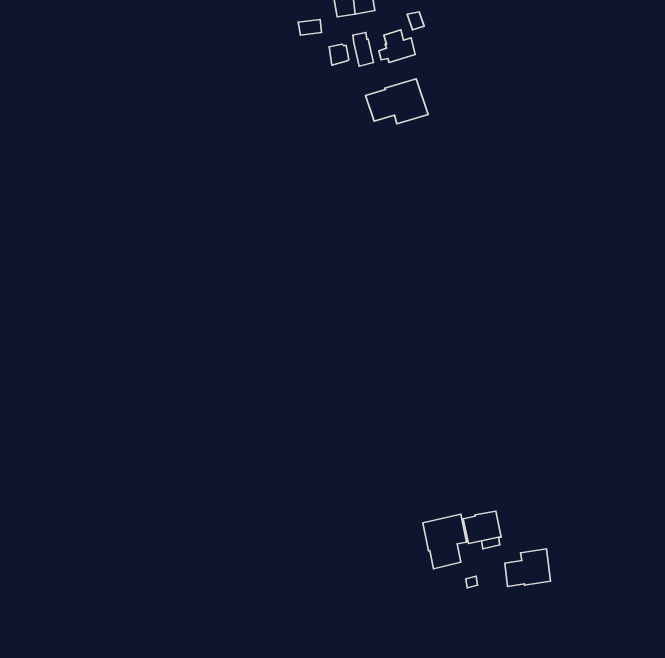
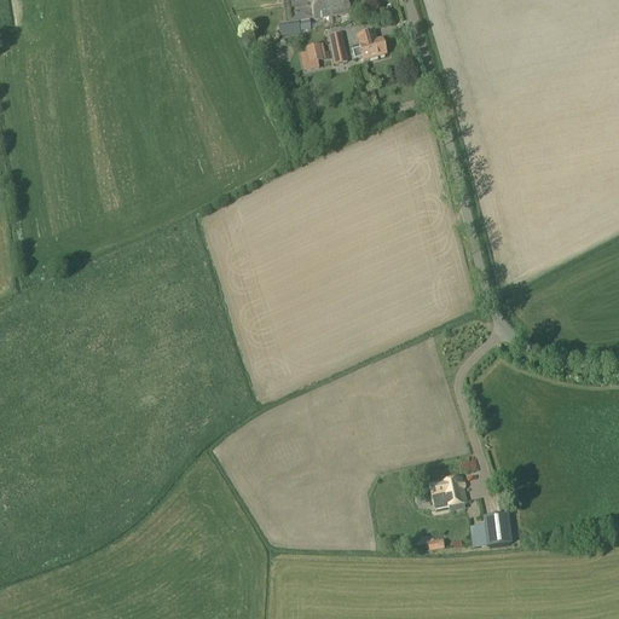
building: [365,79,428,124] -> none
building: [423,514,466,569] -> none

